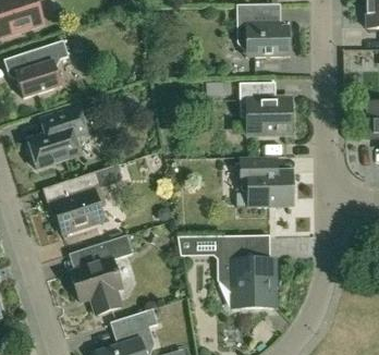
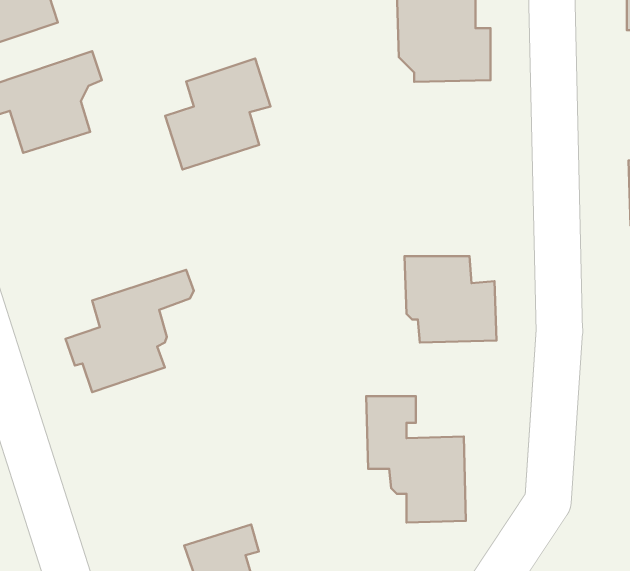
building: [239,82,291,134] -> none
building: [26,106,86,169] -> [165,58,271,170]
building: [70,233,133,314] -> none

